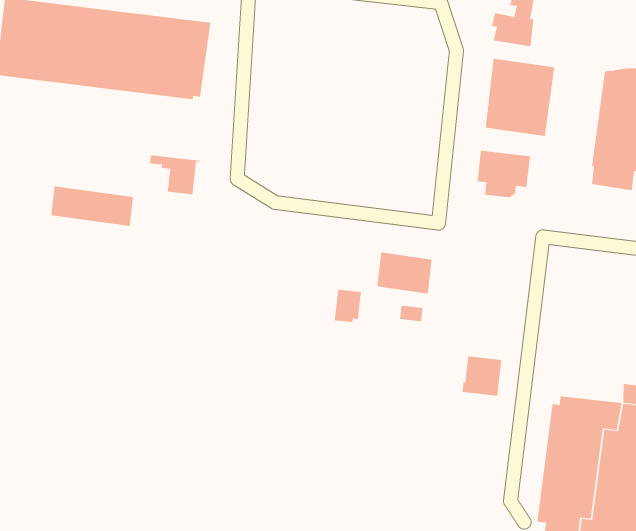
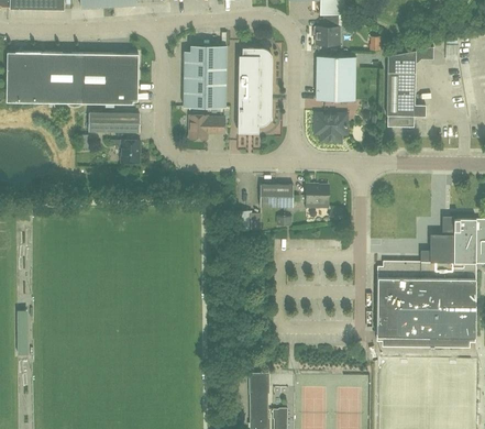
building: none -> [184,45,227,107]
building: none -> [236,46,272,132]
building: none -> [189,114,224,140]
building: [50,186,134,226] -> [89,112,140,132]
building: [462,356,502,396] -> [305,185,328,208]

